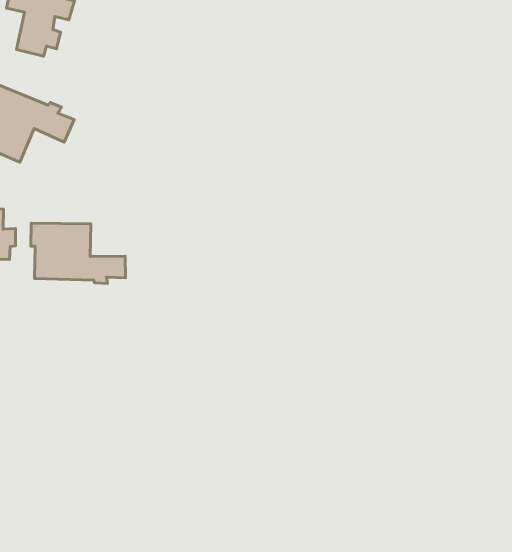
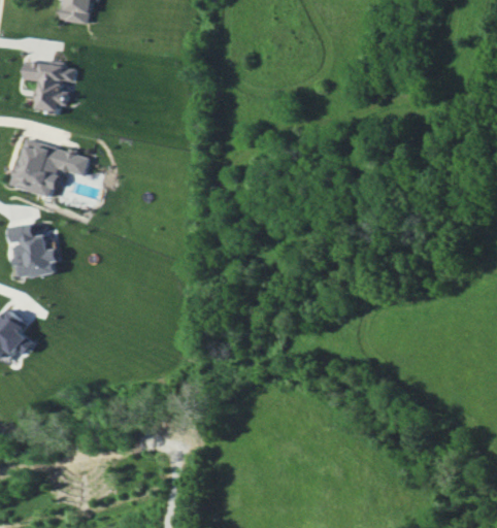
building: [31,223,125,283] -> none

